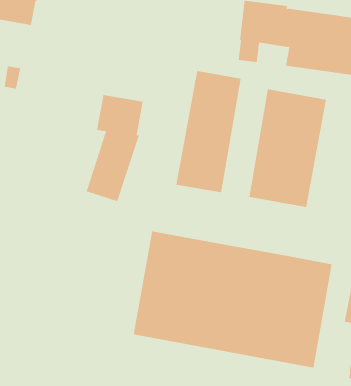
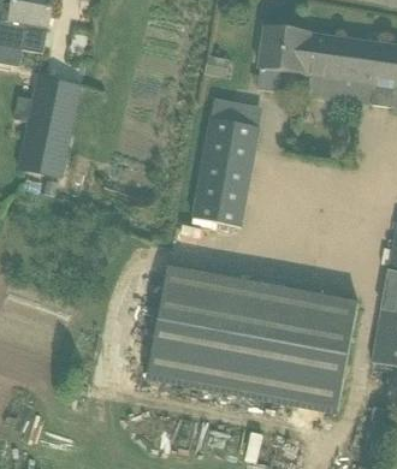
building: [249,89,327,208] -> none
building: [86,95,143,202] -> [19,78,79,190]

